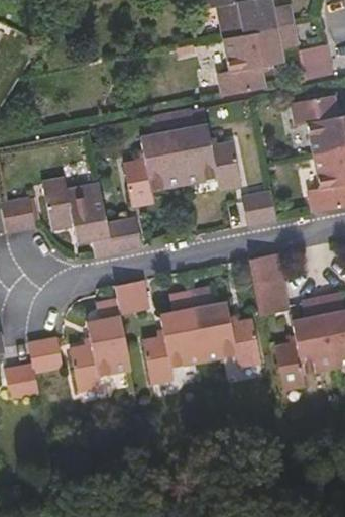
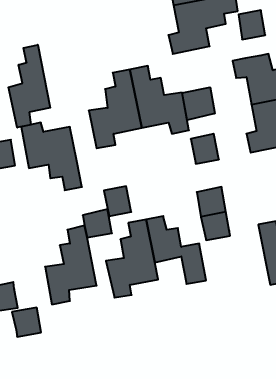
building: none -> [8,45,50,128]
building: none -> [182,87,215,120]
building: [108,217,140,252] -> [104,186,131,216]
building: [274,297,336,390] -> none
building: [28,338,63,373] -> [12,308,41,337]

